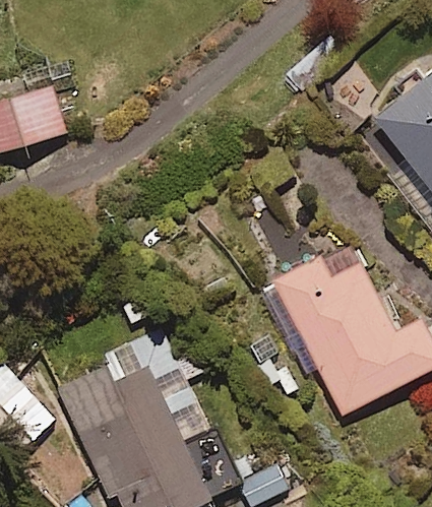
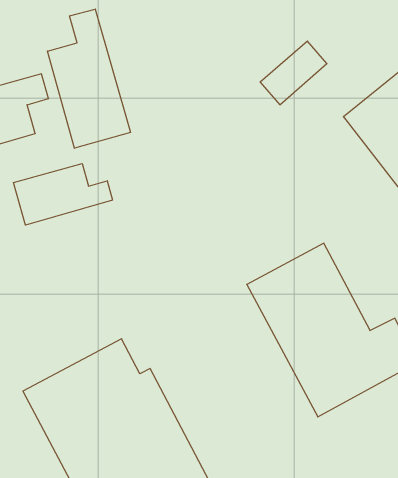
building: none -> [47,9,131,148]
building: none -> [13,164,113,225]

